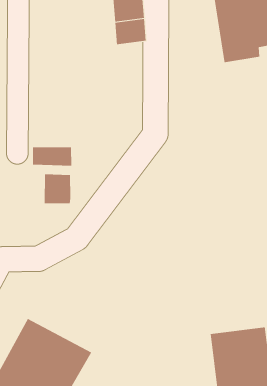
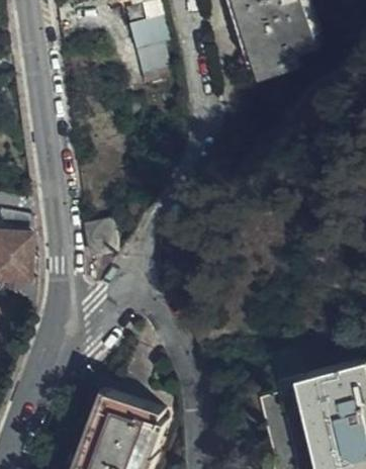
building: [32,146,72,167] -> none

